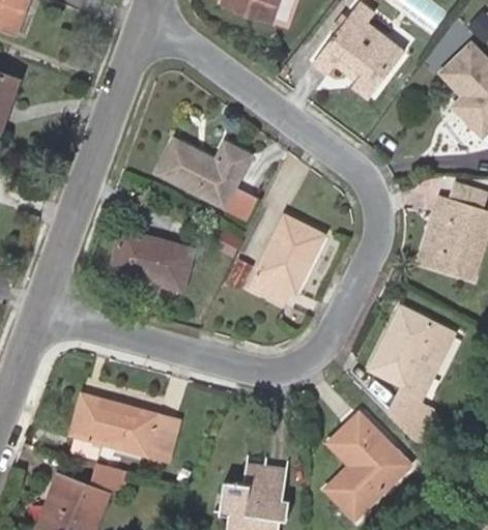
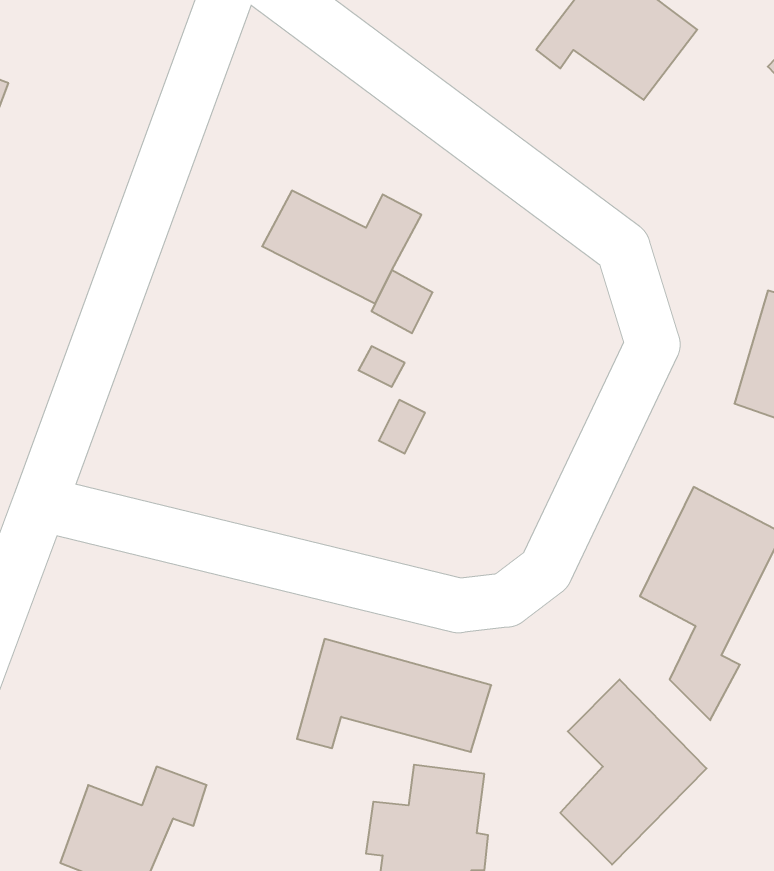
building: [253,217,324,301] -> none
building: [114,231,194,288] -> none
building: [69,395,178,459] -> [297,639,491,752]

